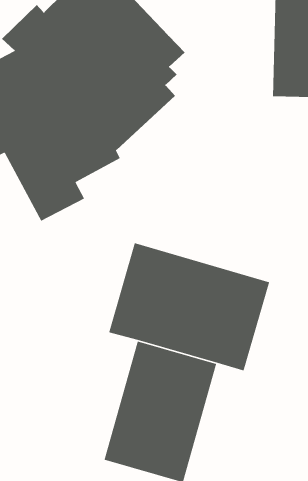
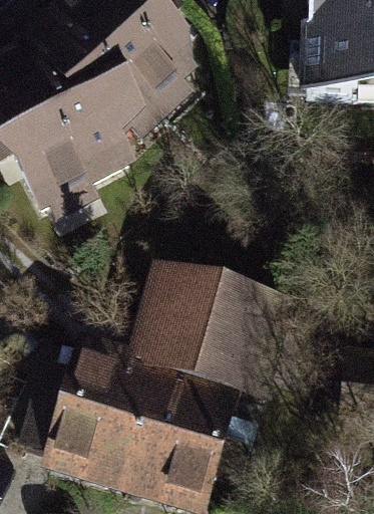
building: none -> [21,334,157,481]

